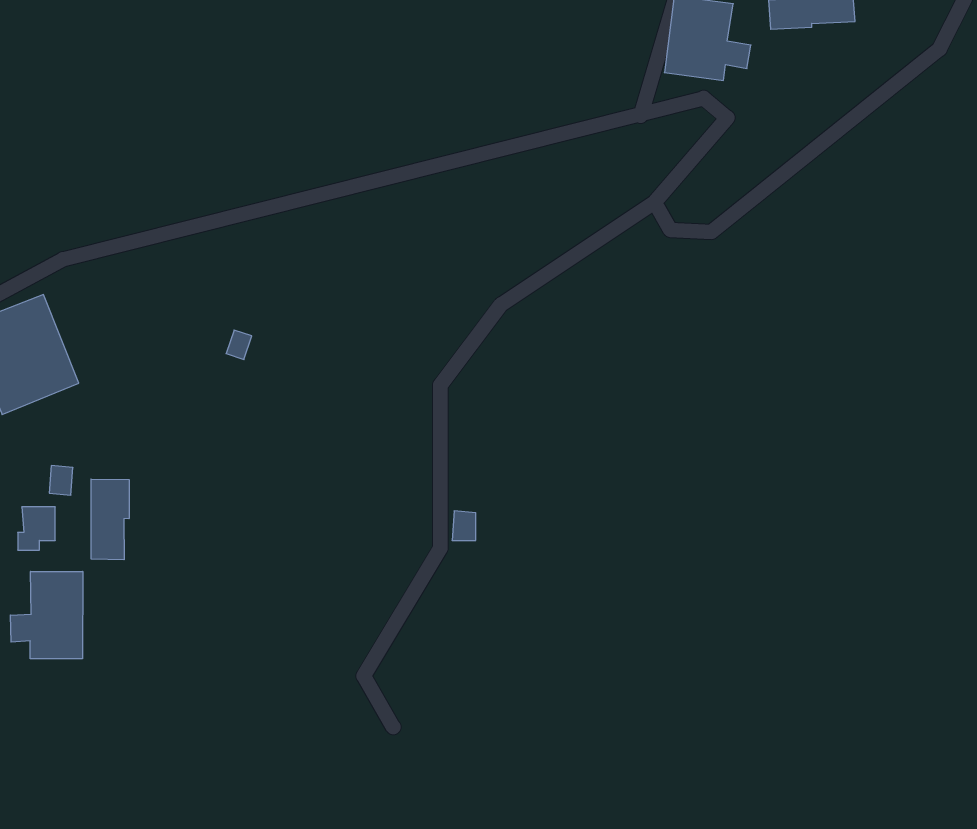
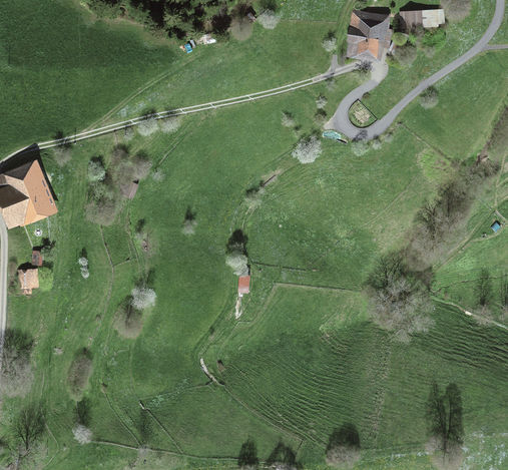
building: [91,479,129,560] -> none
building: [10,571,83,659] -> none

